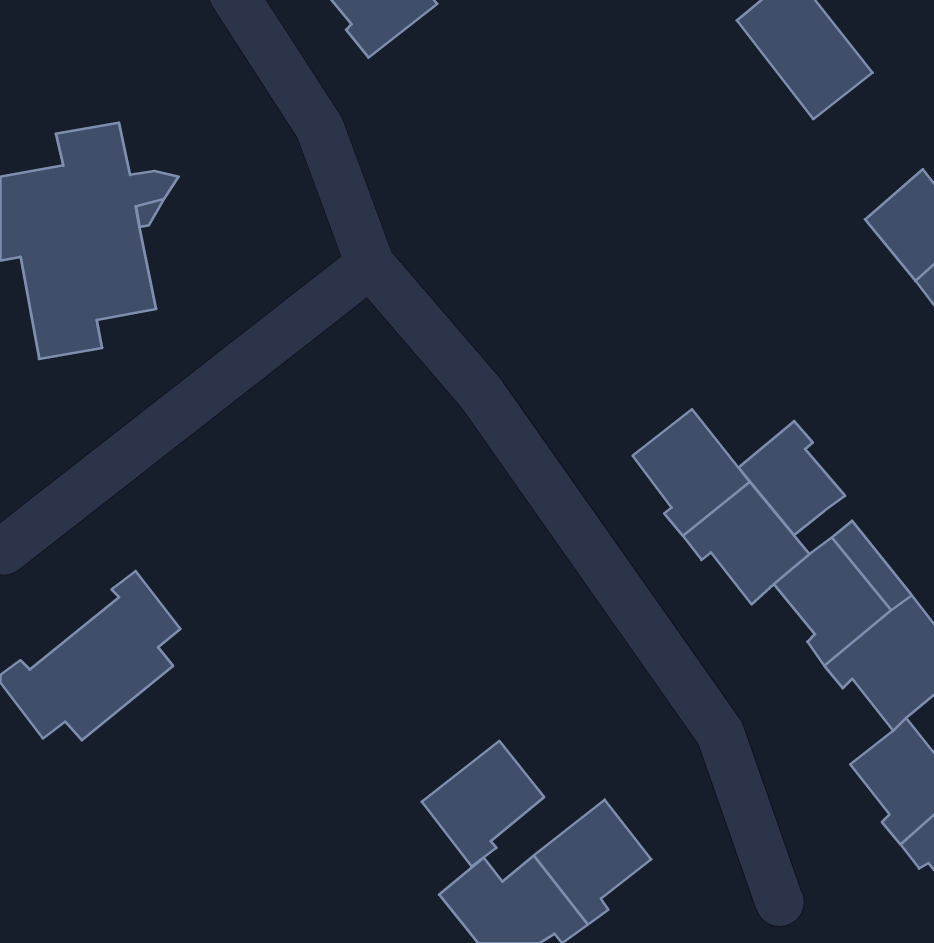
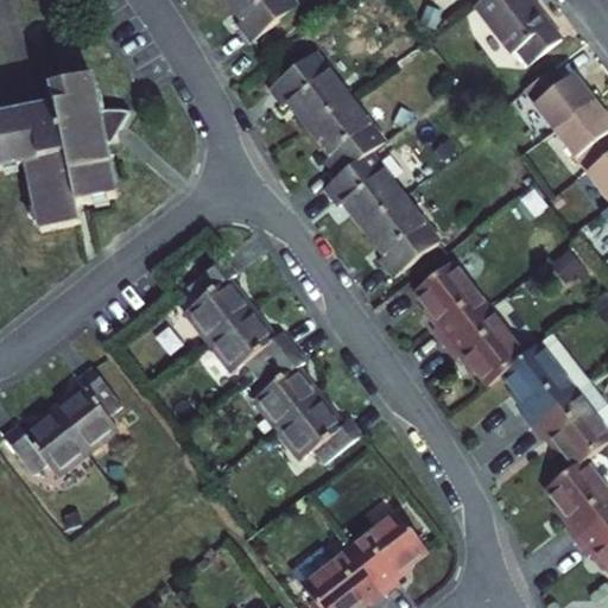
building: none -> [264,50,432,272]
building: none -> [530,74,600,140]
building: none -> [182,256,357,460]
building: [739,421,845,535] -> none
building: [422,741,544,866] -> none

